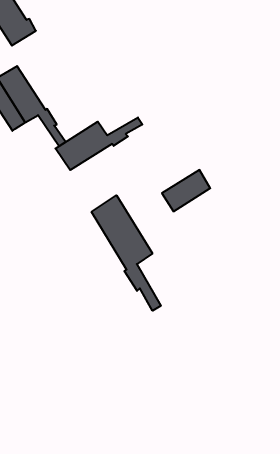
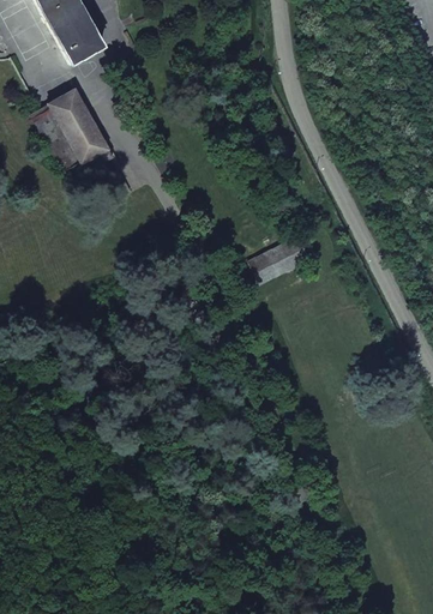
building: [55,117,142,170] -> none
building: [92,195,161,311] -> none

